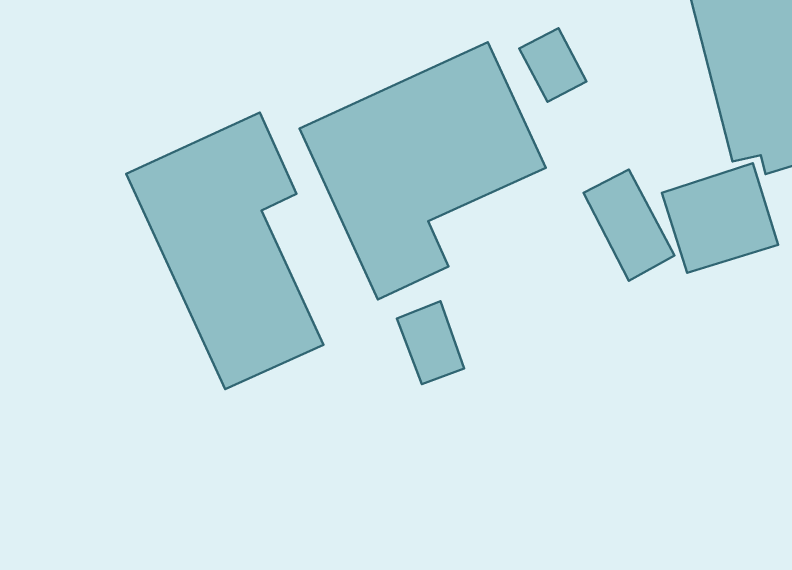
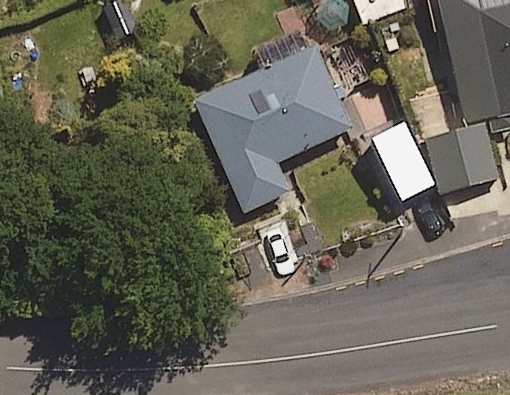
building: [126,112,324,389] -> none

